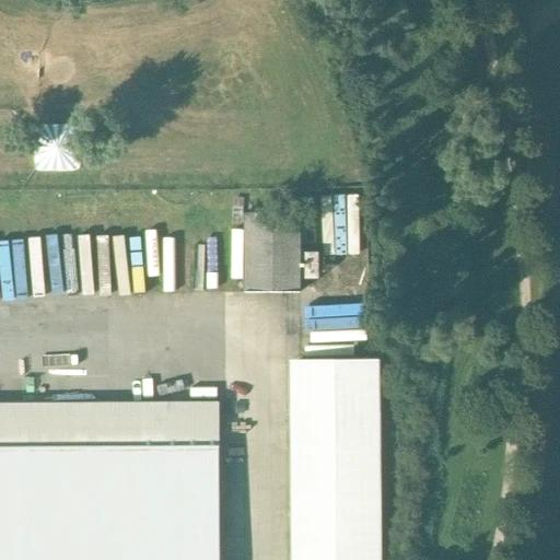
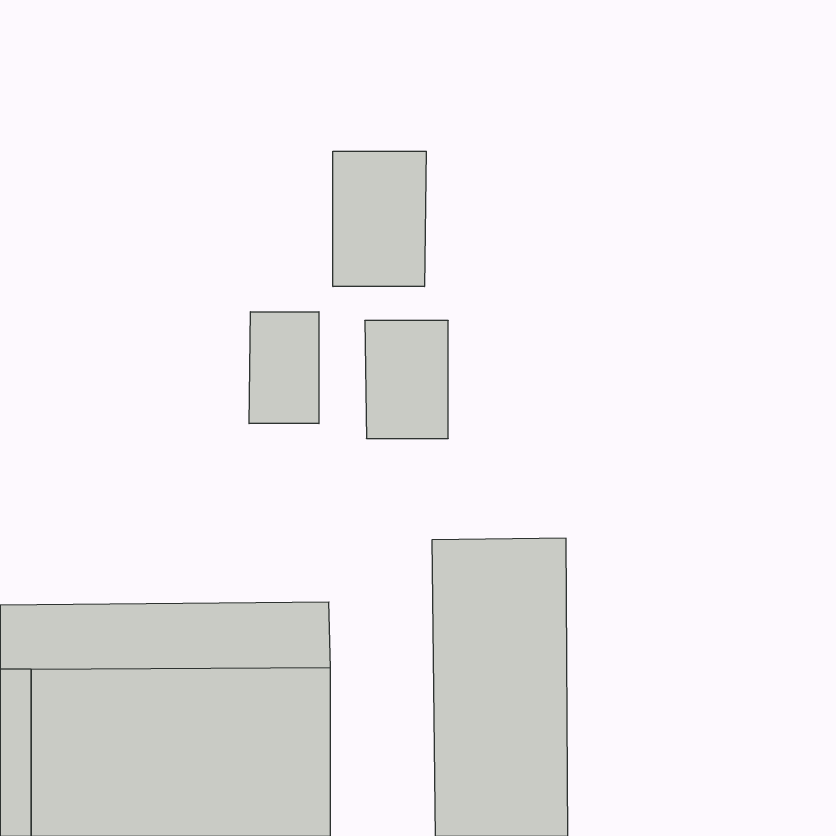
building: none -> [333,151,426,287]
building: none -> [249,312,319,424]

